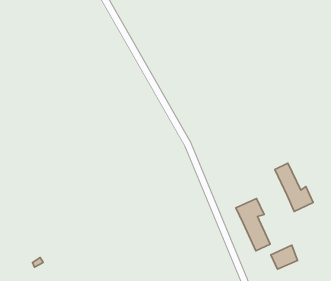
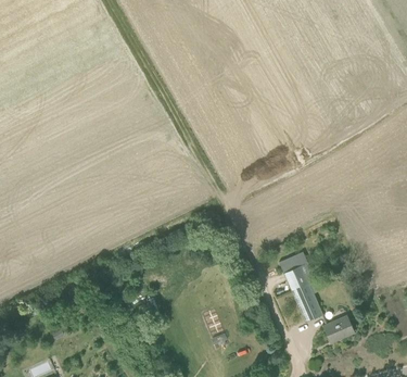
building: [275,163,313,211] -> none

